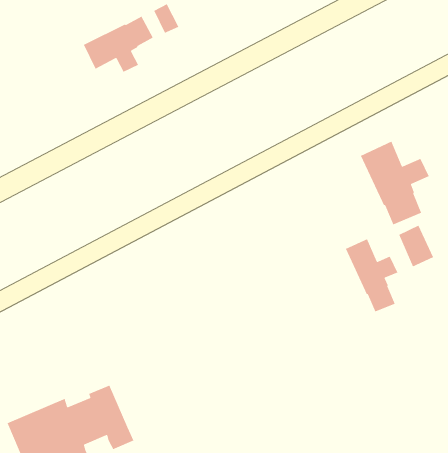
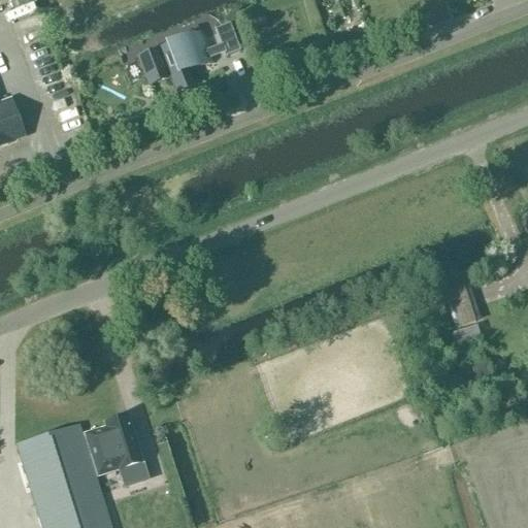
building: [360,140,430,225] -> none
building: [345,238,399,313] -> none

